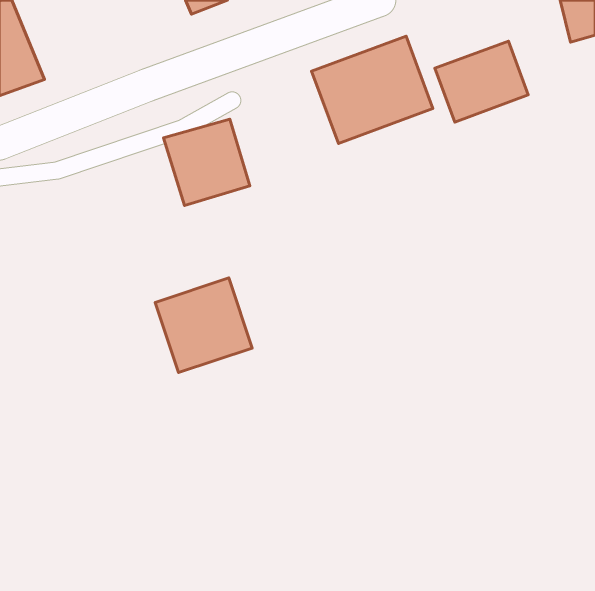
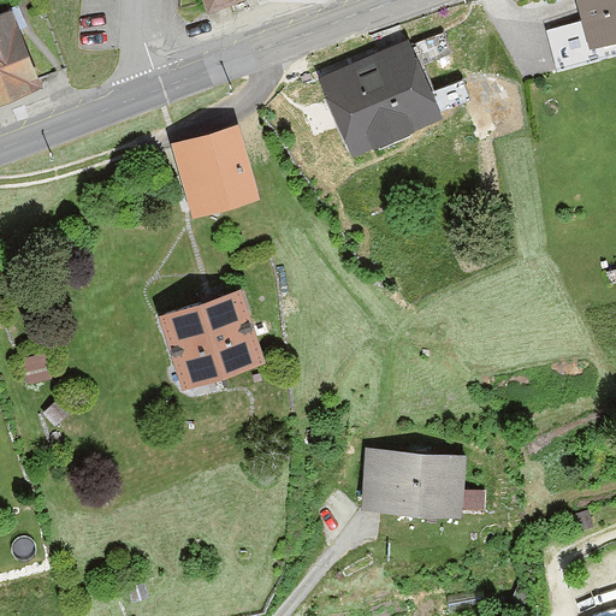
building: [435,41,528,122] -> none
building: none -> [361,449,466,514]

